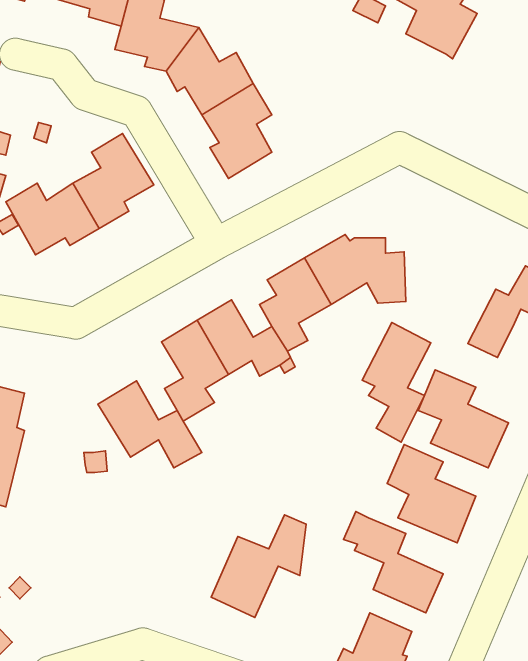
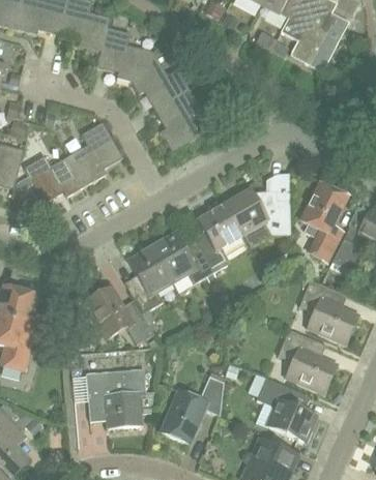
building: [362,322,431,442] -> [300,181,346,261]
building: none -> [85,367,146,427]

